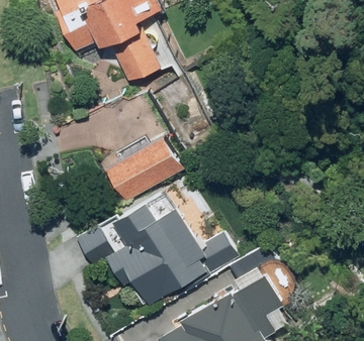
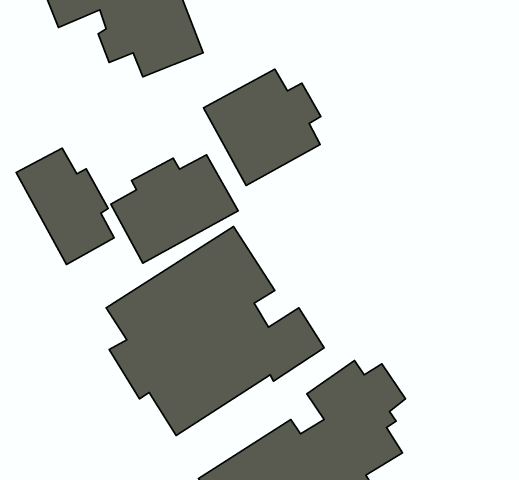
building: none -> [203,69,321,186]
building: none -> [16,148,114,264]

